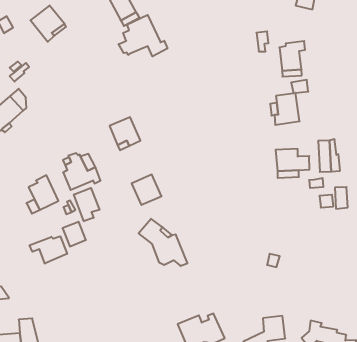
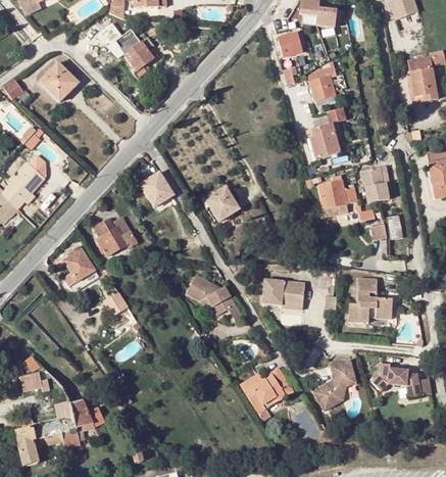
building: none -> [277,32,302,55]
building: [119,15,167,56] -> none
building: [132,175,162,205] -> [205,187,239,221]
building: [74,188,100,221] -> none
building: none -> [263,280,305,306]
building: [30,236,67,264] -> none
building: none -> [350,278,394,324]

